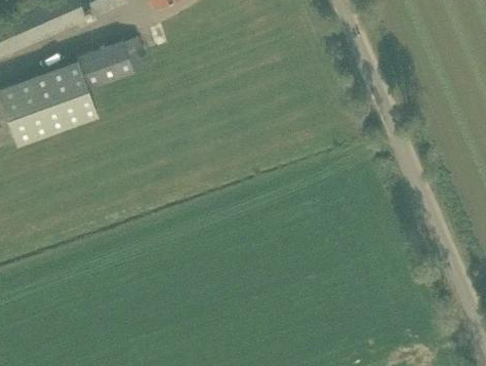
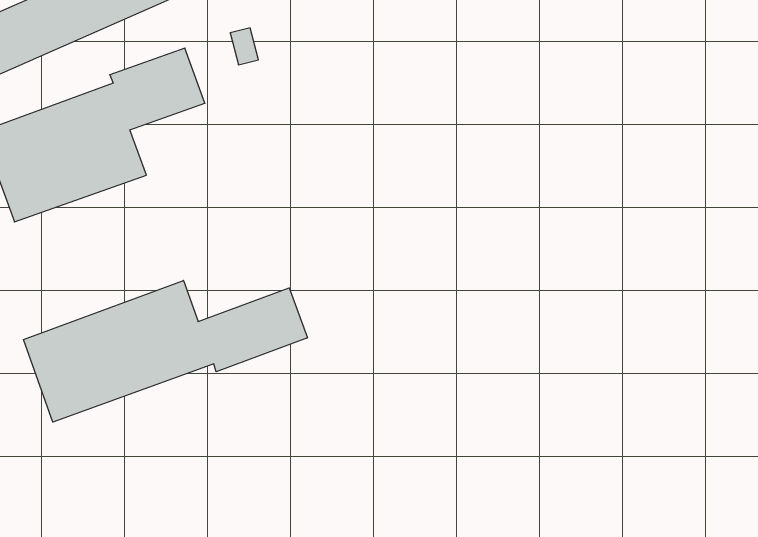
building: none -> [24,280,307,422]

